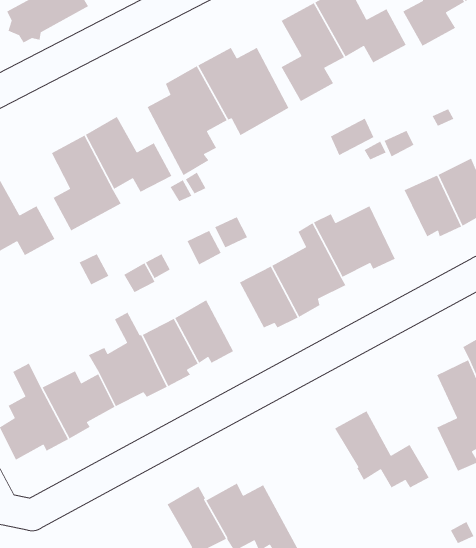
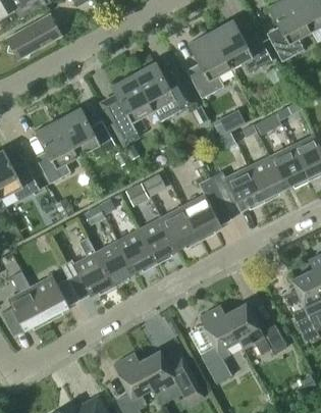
building: none -> [247,156,284,202]
building: none -> [139,217,176,263]
building: none -> [198,305,238,383]

